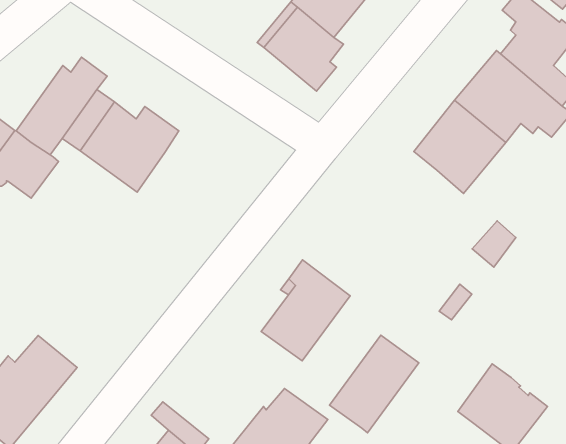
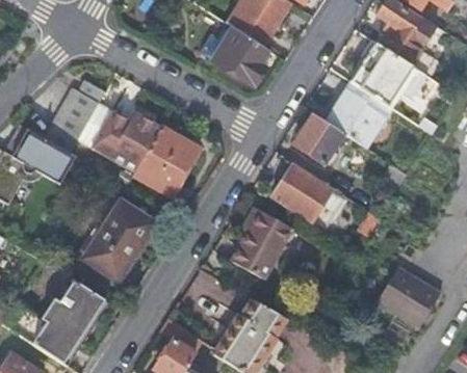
building: none -> [132,126,198,195]
building: none -> [294,114,344,164]
building: none -> [274,166,331,222]
building: none -> [82,201,153,281]
building: [330,335,419,433] -> none

